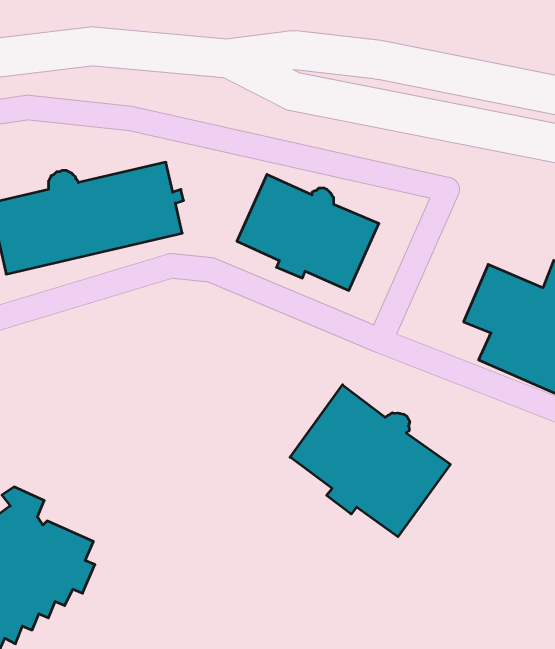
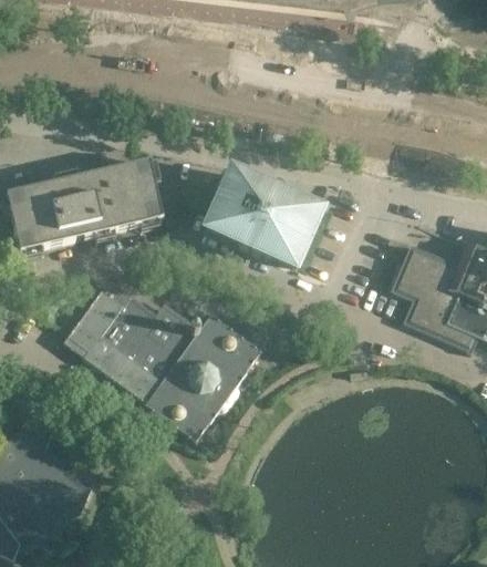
building: none -> [62,284,259,440]
building: [290,385,450,537] -> none

